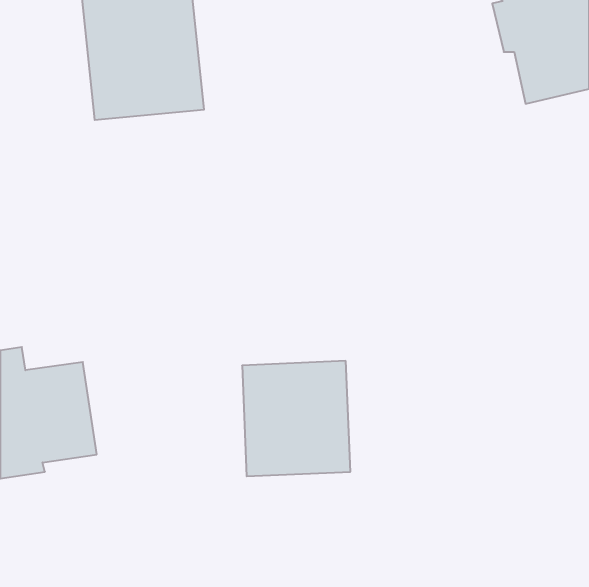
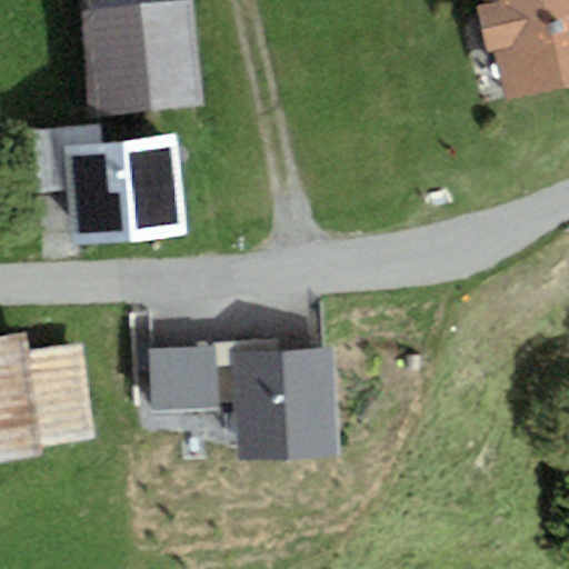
building: none -> [27,121,183,242]
building: none -> [151,345,216,409]

